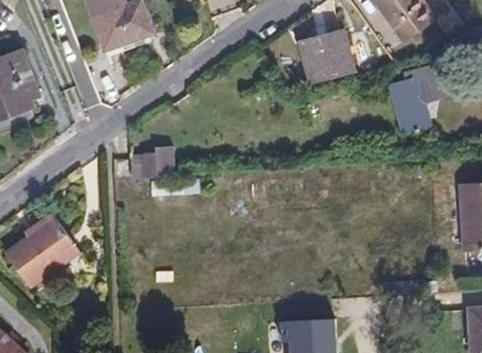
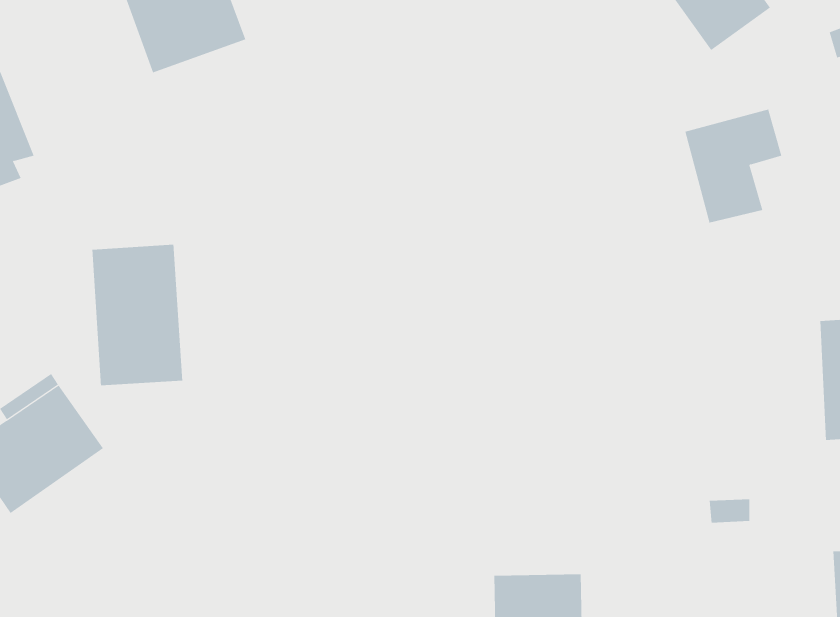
building: [297,28,355,84] -> none
building: none -> [92,244,183,386]
building: [144,144,176,176] -> none

